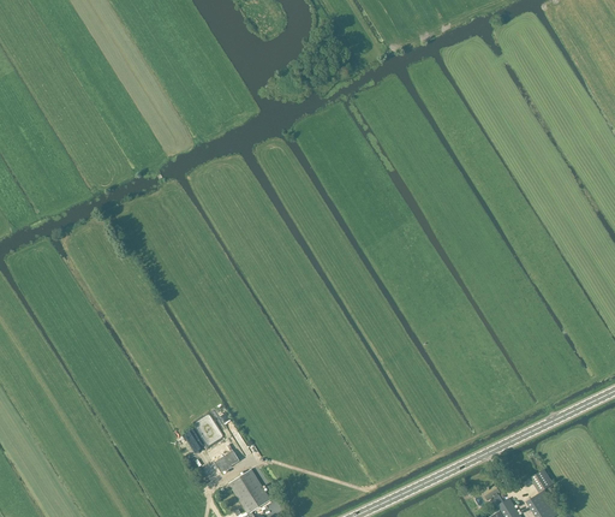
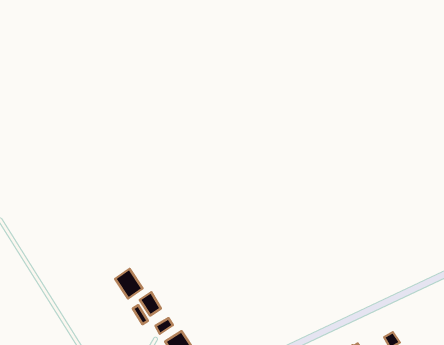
building: none -> [115,269,143,298]

